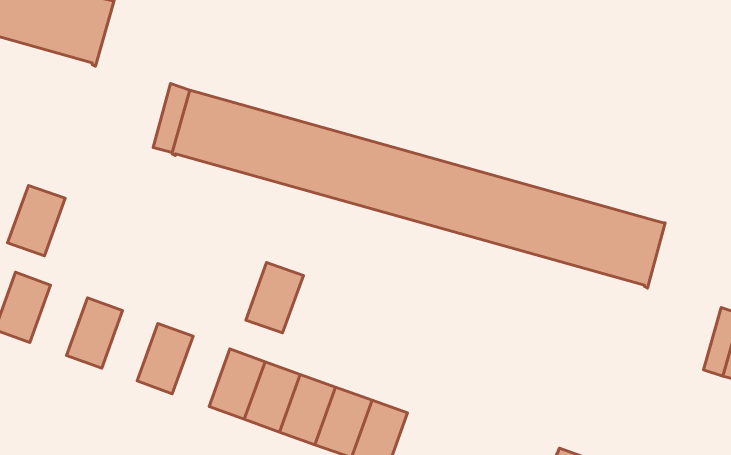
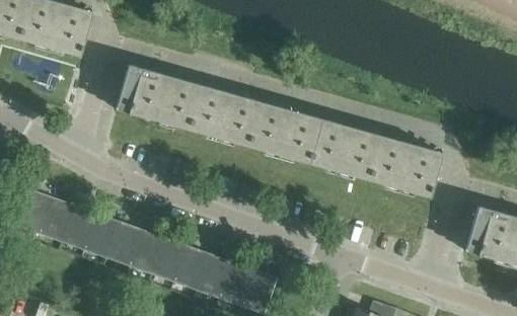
building: [8,185,65,256] -> [39,196,75,241]
building: [246,263,303,333] -> [129,229,165,273]
building: none -> [84,213,120,257]

